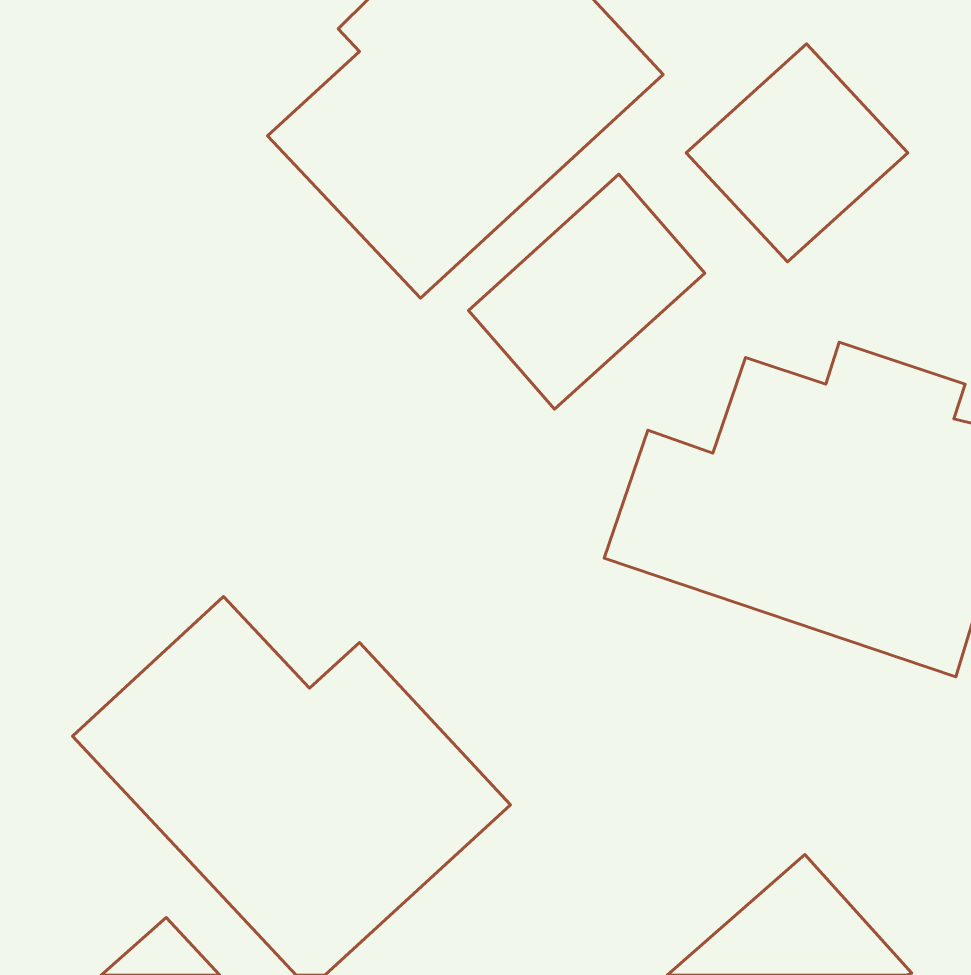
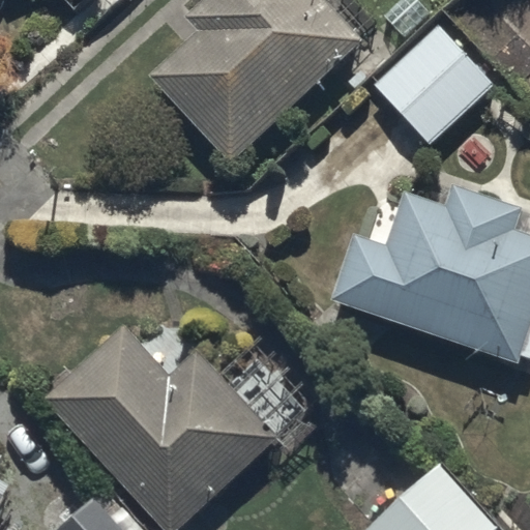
building: [469,174,705,409] -> none

